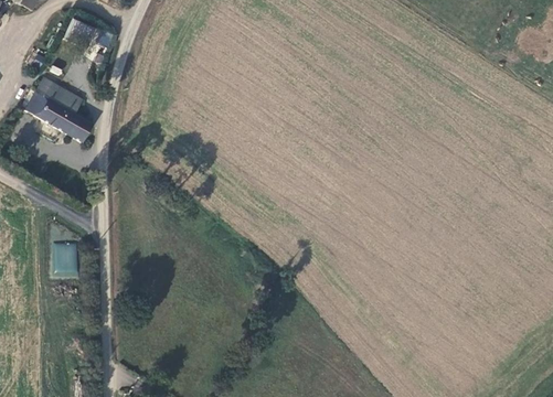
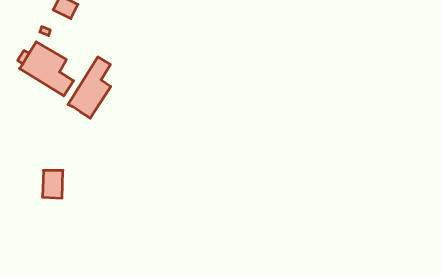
building: none -> [68,57,111,118]

